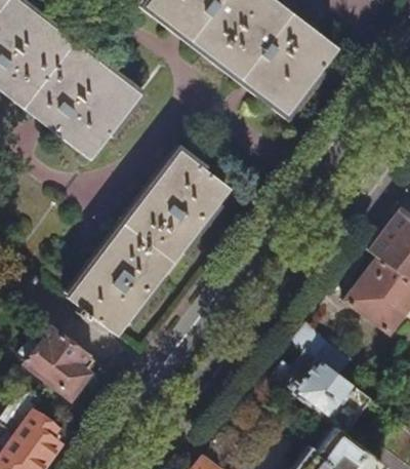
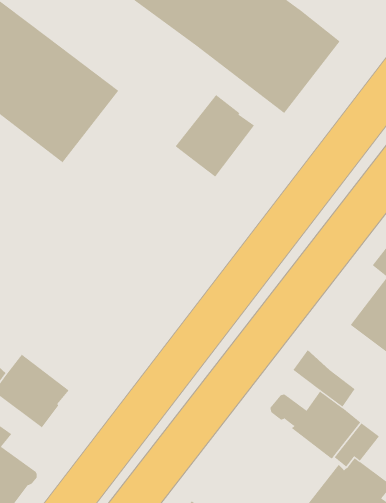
building: none -> [175,94,255,177]
building: [68,151,229,335] -> none

